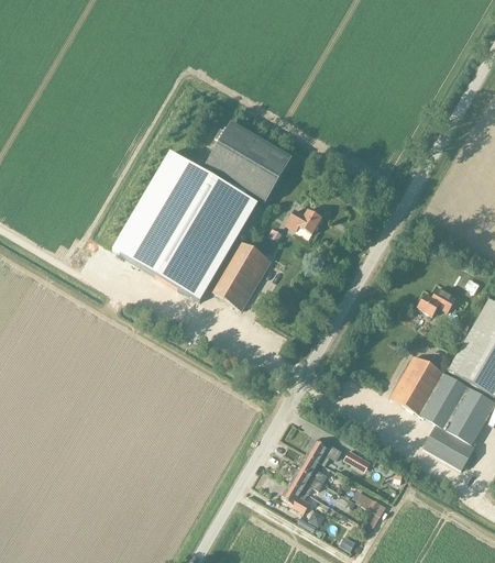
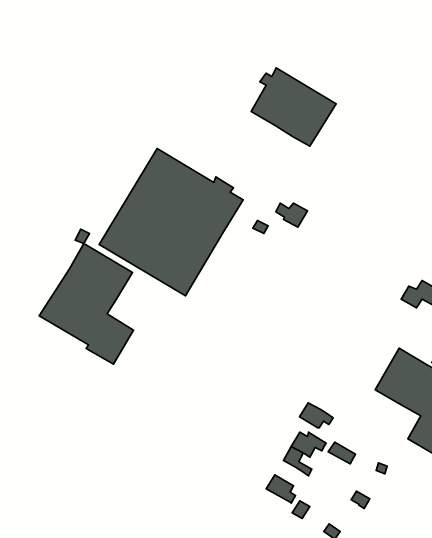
building: [206,123,292,202] -> [251,68,336,146]
building: [207,239,271,309] -> none
building: none -> [39,243,134,364]
building: [289,467,323,493] -> [299,403,333,428]

